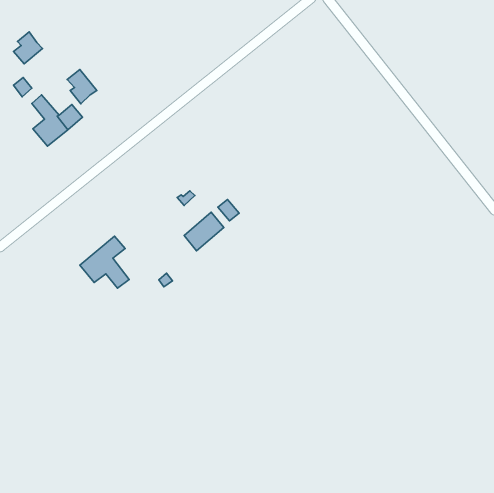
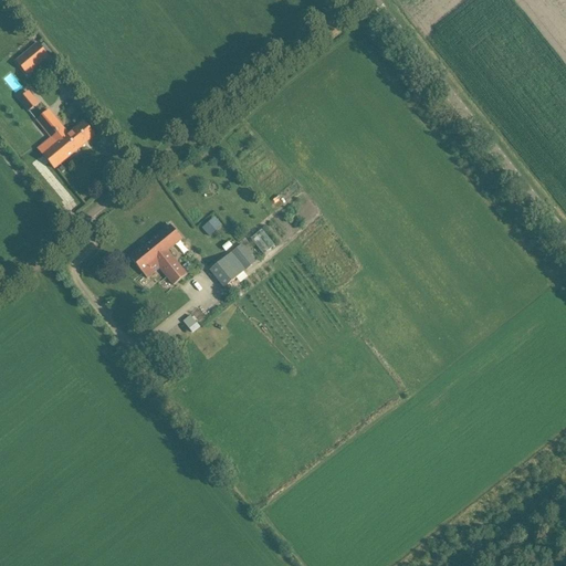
building: [67,69,97,104] -> none
building: [80,236,129,288] -> [132,223,188,283]

